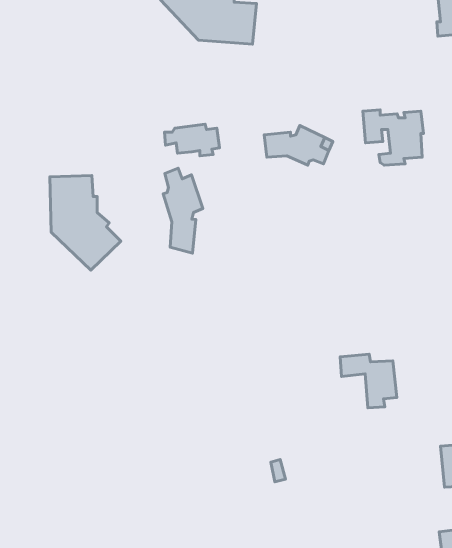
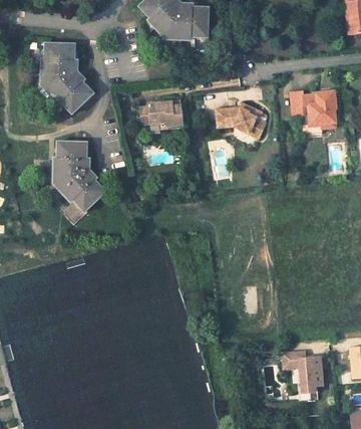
building: none -> [41,43,92,116]
building: [163,168,203,253] -> none
building: [340,354,397,408] -> [278,352,321,393]

